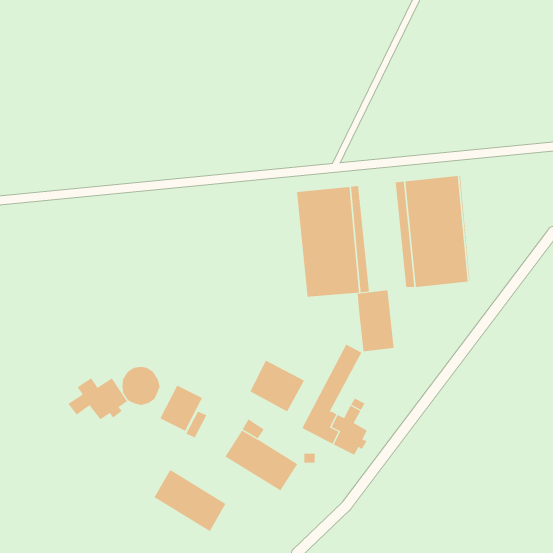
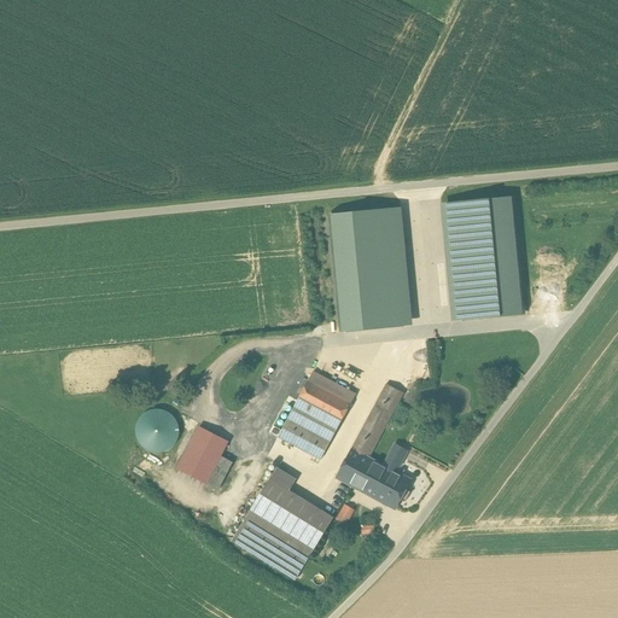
building: [357,290,394,352] -> none
building: none -> [296,371,355,424]
building: [67,377,128,420] -> none
building: [154,469,226,532] -> [232,508,313,578]

